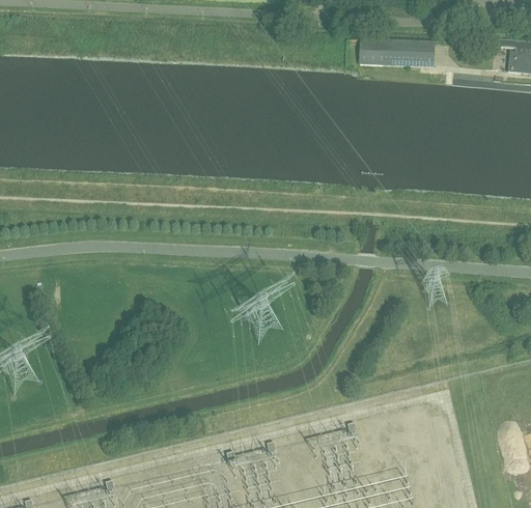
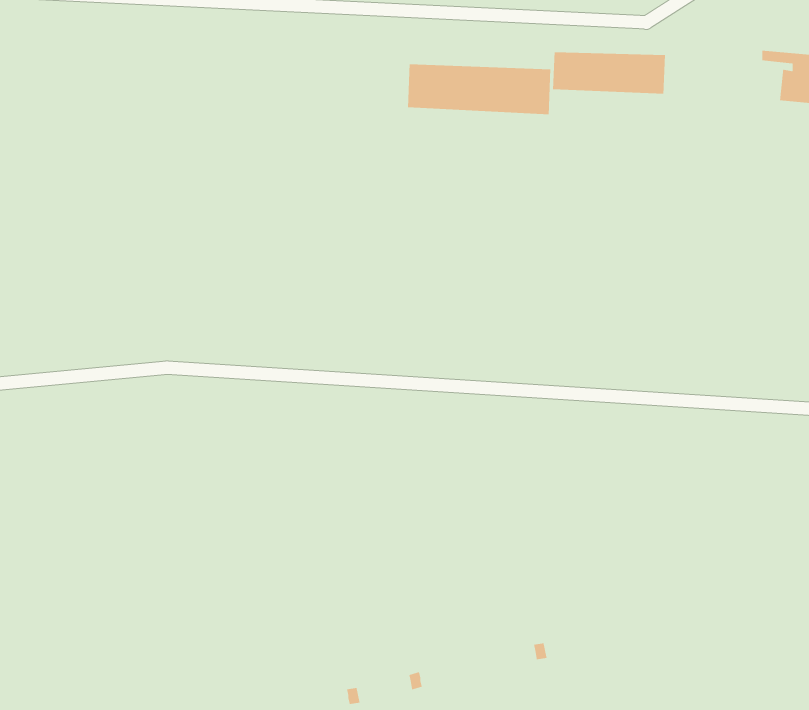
building: none -> [407,63,551,115]

